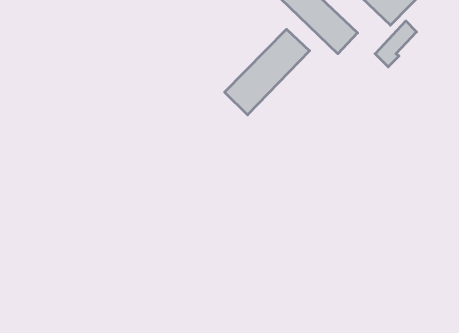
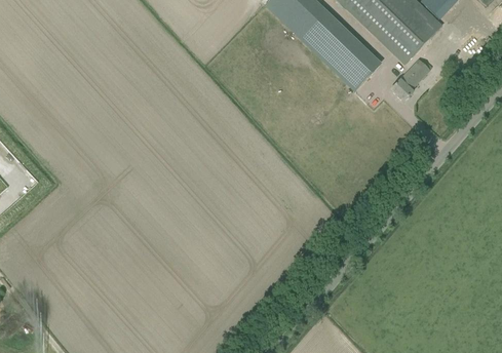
building: [225,29,310,115] -> none

